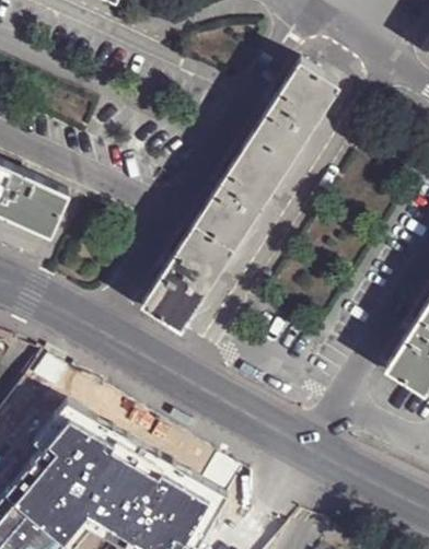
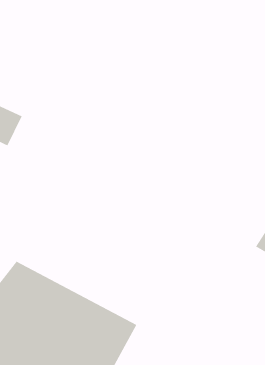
building: [144,66,337,334] -> none

